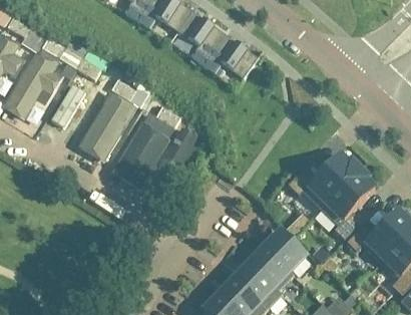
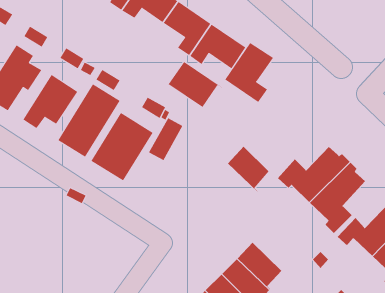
building: none -> [224,42,274,103]
building: none -> [168,61,222,108]
building: [265,229,306,274] -> [227,146,269,192]

